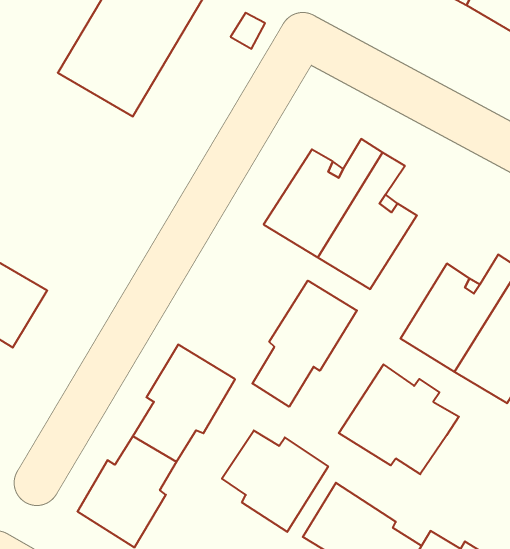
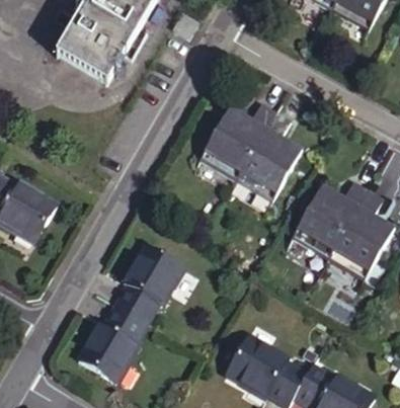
building: [252,281,357,407] -> none
building: [339,364,459,474] -> none
building: [222,430,328,532] -> none

